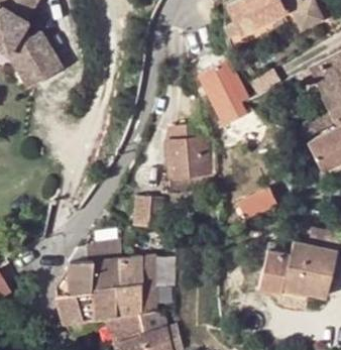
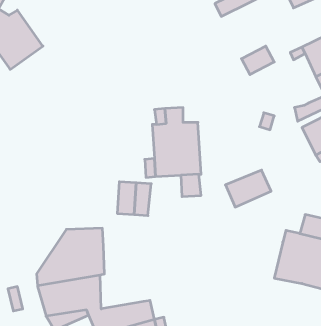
building: [198,55,251,124] -> none
building: [258,248,309,310] -> none
building: [117,256,158,317] -> none

